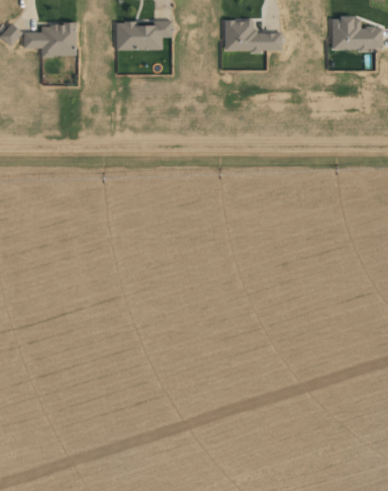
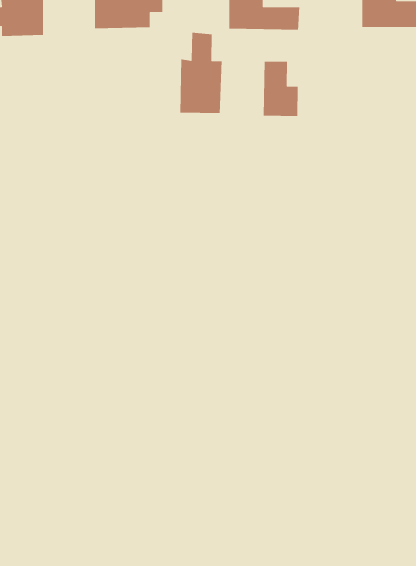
building: none -> [179,32,223,114]
building: none -> [263,61,299,117]

